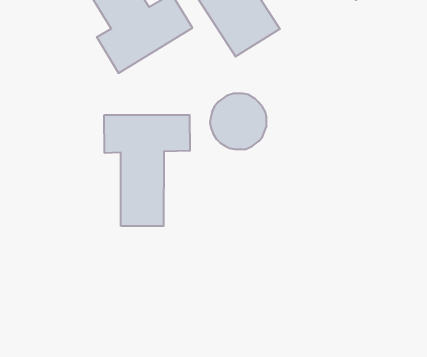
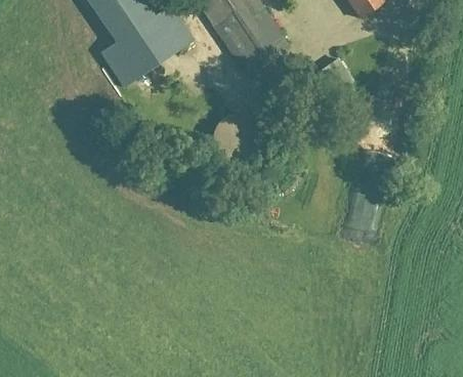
building: [104,115,190,226] -> none

